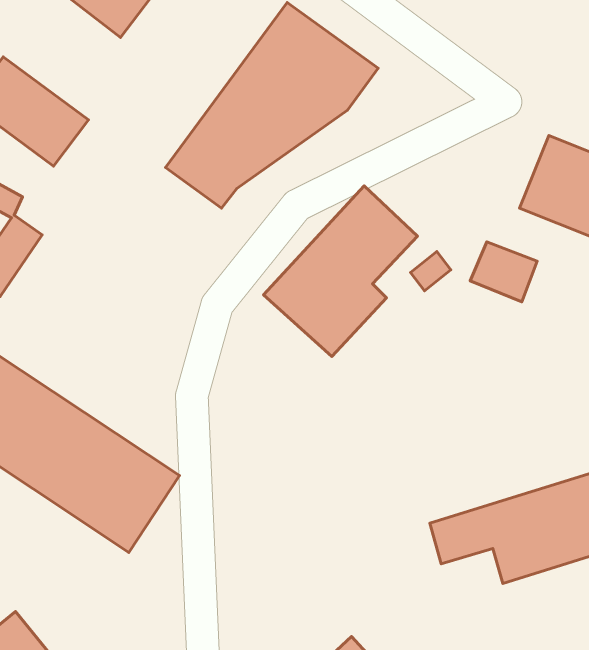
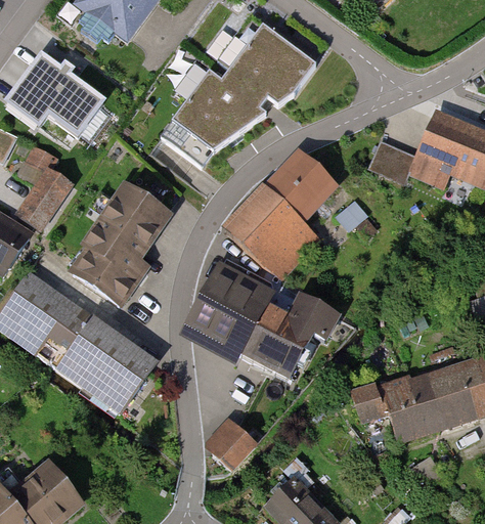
building: none -> [72,183,168,303]
building: [470,242,537,302] -> [369,137,418,181]
building: none -> [189,267,348,390]
building: none -> [204,421,256,473]

